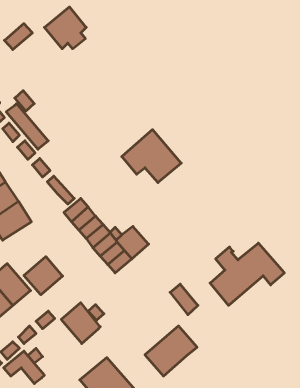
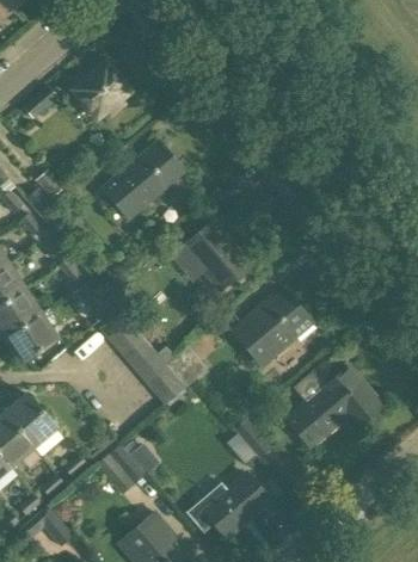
building: none -> [105,142,184,218]
building: none -> [233,289,318,365]
building: [24,257,63,295] -> none

